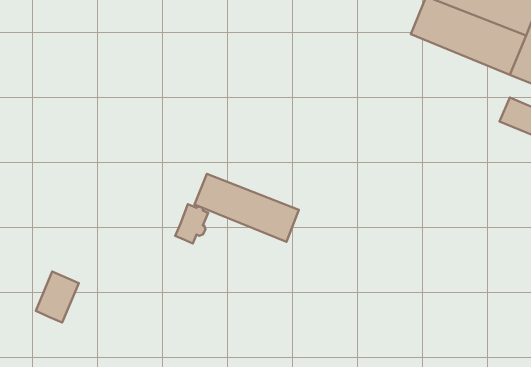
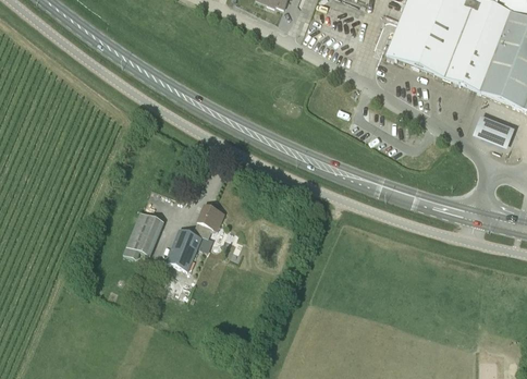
building: [195,174,299,242] -> none
building: none -> [166,227,200,269]
building: [36,272,79,322] -> [126,210,163,254]

